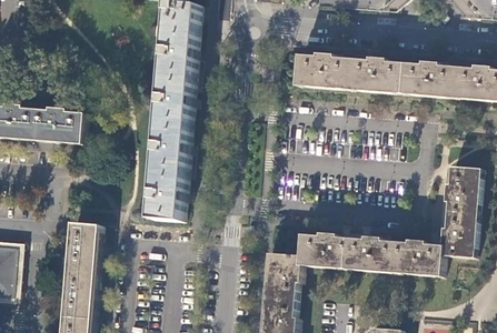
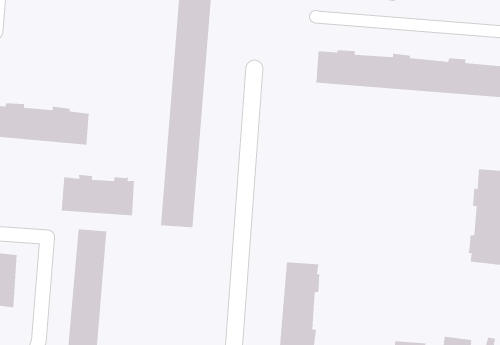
building: none -> [61,174,134,216]
building: [300,231,445,274] -> none

